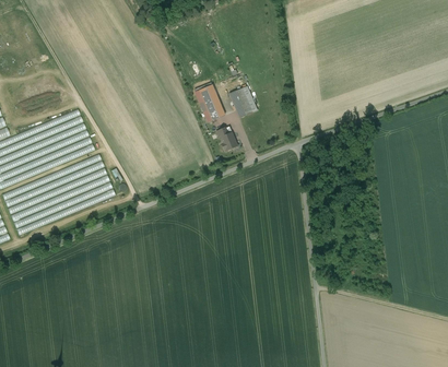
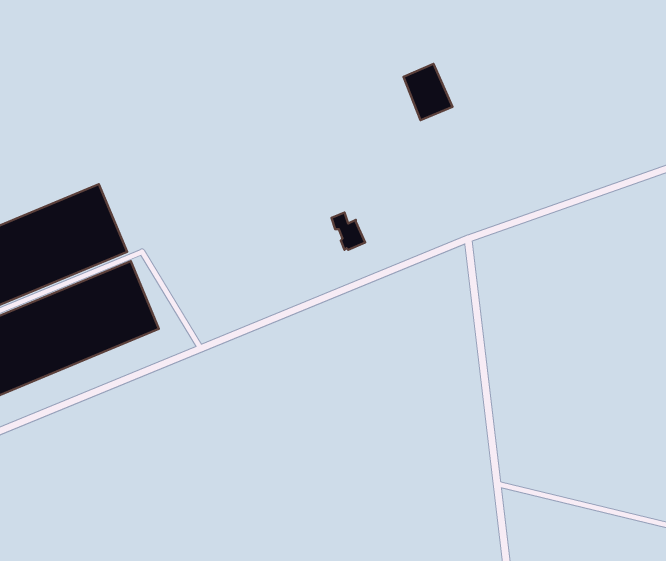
building: [194,83,224,120] -> none
building: [227,84,256,117] -> [404,64,452,120]

